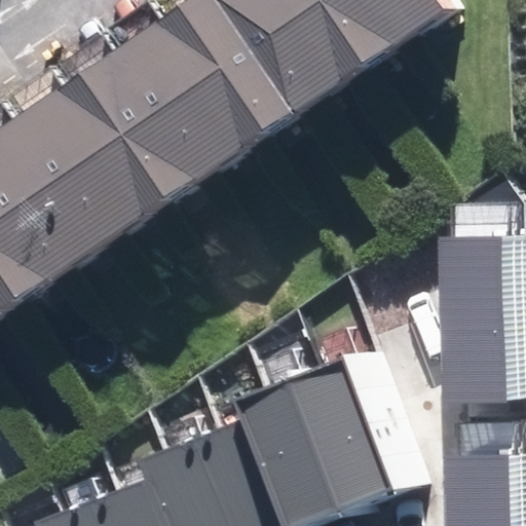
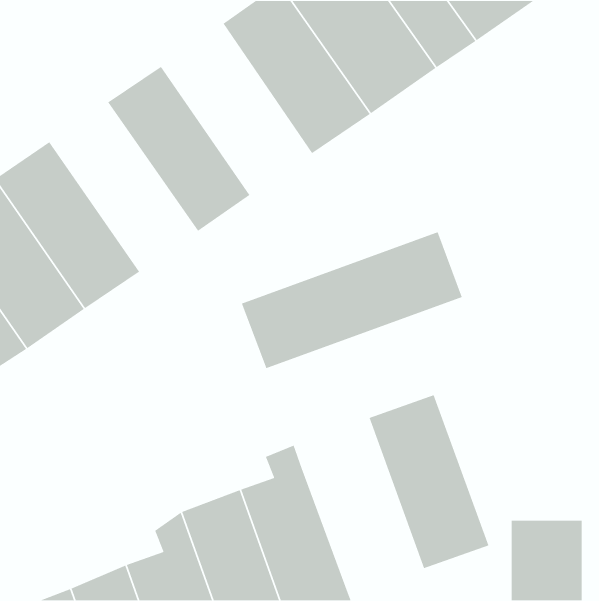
building: [141,21,272,171] -> none
building: [43,89,173,237] -> none
building: none -> [241,231,463,369]
building: [437,236,500,400] -> none
building: [257,365,370,520] -> none

